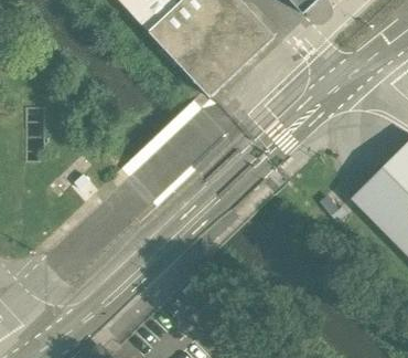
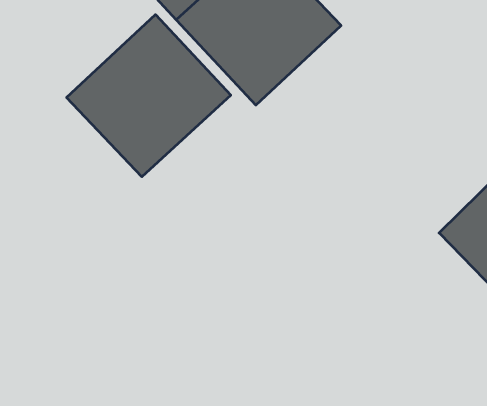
building: none -> [67,15,231,177]

